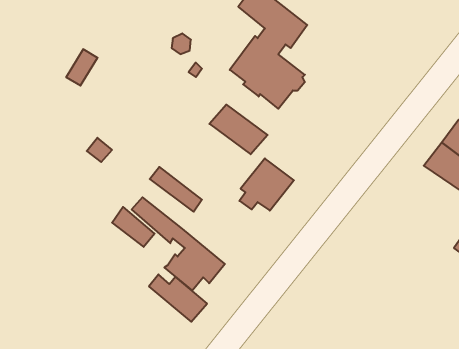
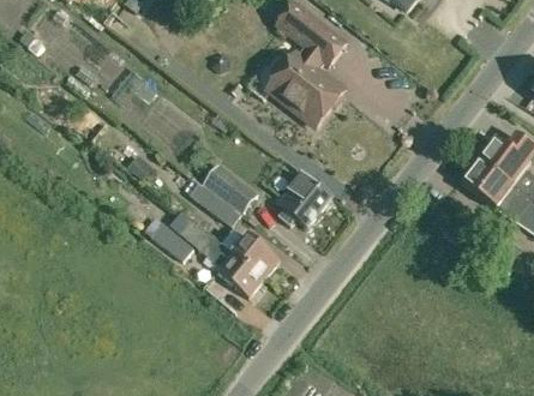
building: [209,105,268,154] -> [202,162,259,211]
building: [149,274,207,322] -> [221,230,278,277]

